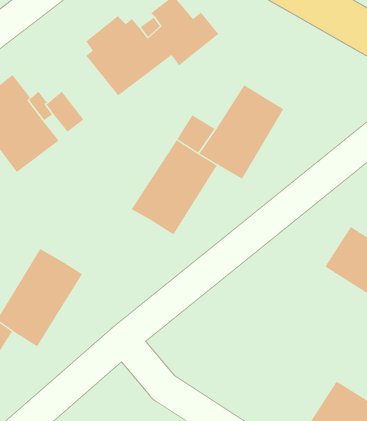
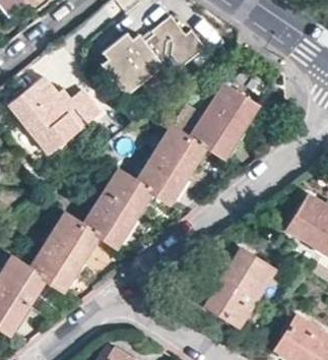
building: none -> [84,170,150,245]
building: none -> [207,250,273,324]

